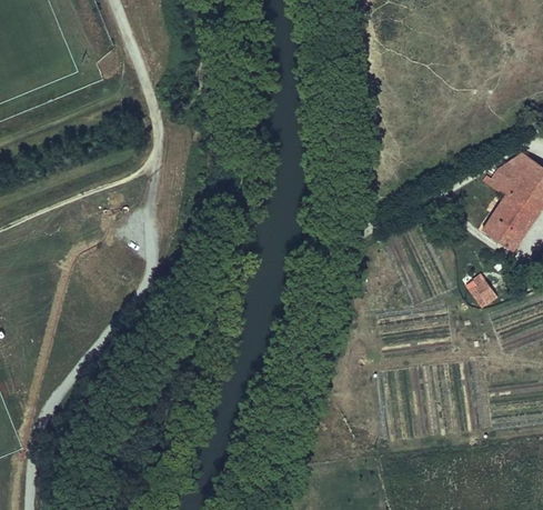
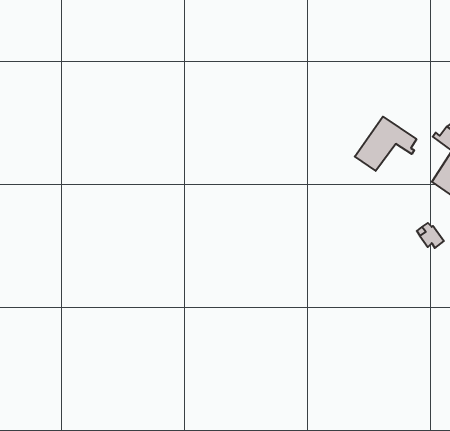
building: none -> [355,117,416,171]

